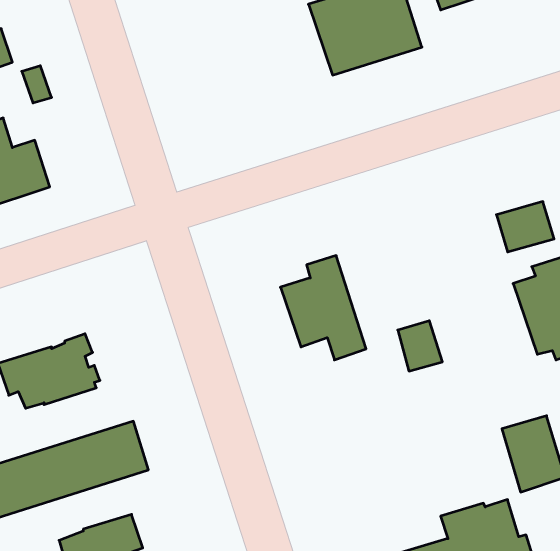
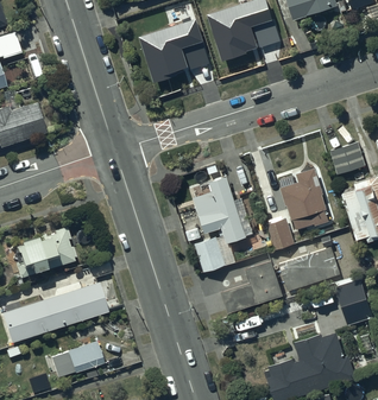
building: none -> [140,20,213,84]
building: none -> [281,169,329,230]
building: none -> [195,236,227,273]
building: none -> [279,247,341,292]
building: none -> [221,260,284,313]

